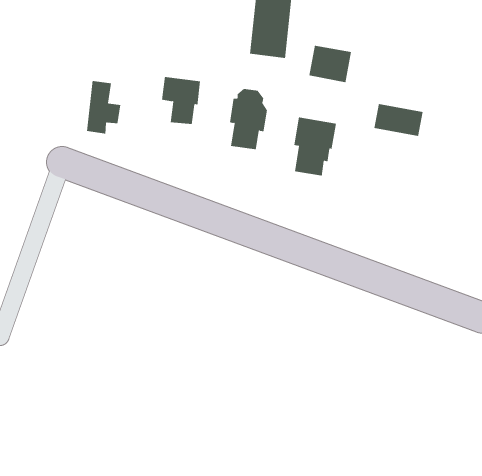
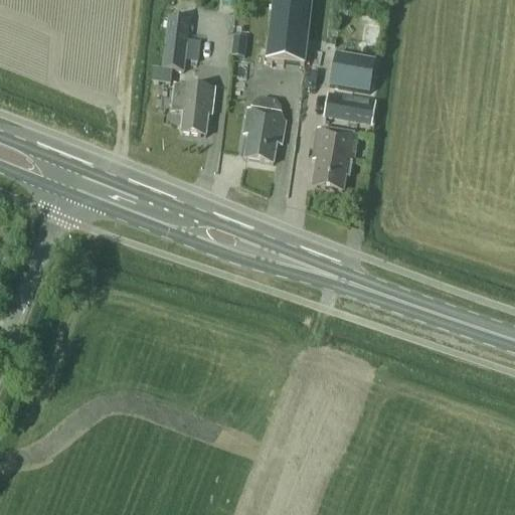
building: [86,80,121,134] -> [163,12,200,69]
building: [373,104,423,136] -> [323,89,376,124]

